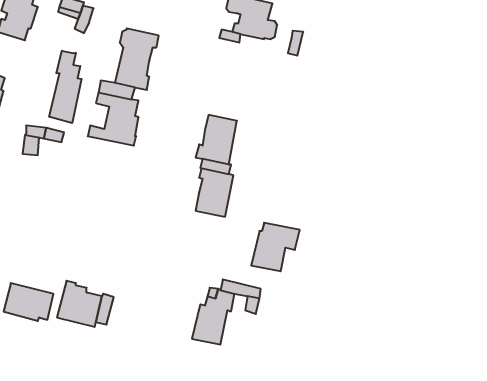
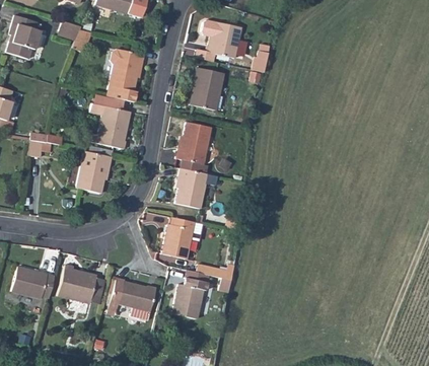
building: none -> [193,67,224,111]
building: [49,51,82,123] -> none
building: none -> [76,151,112,194]
building: [251,223,300,271] -> [160,218,202,260]
building: none -> [106,277,156,320]

